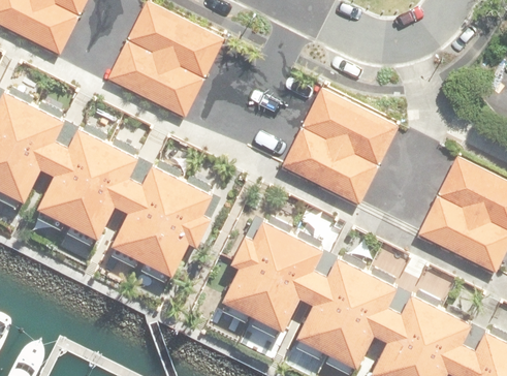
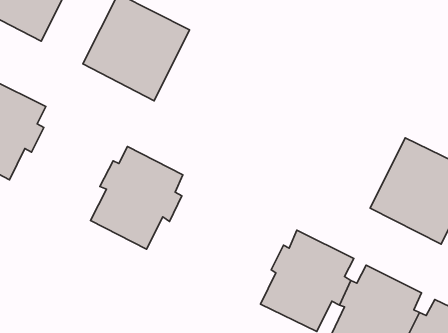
building: [281,89,398,205] -> none
building: [39,129,140,241] -> none
building: [223,221,325,332] -> none

